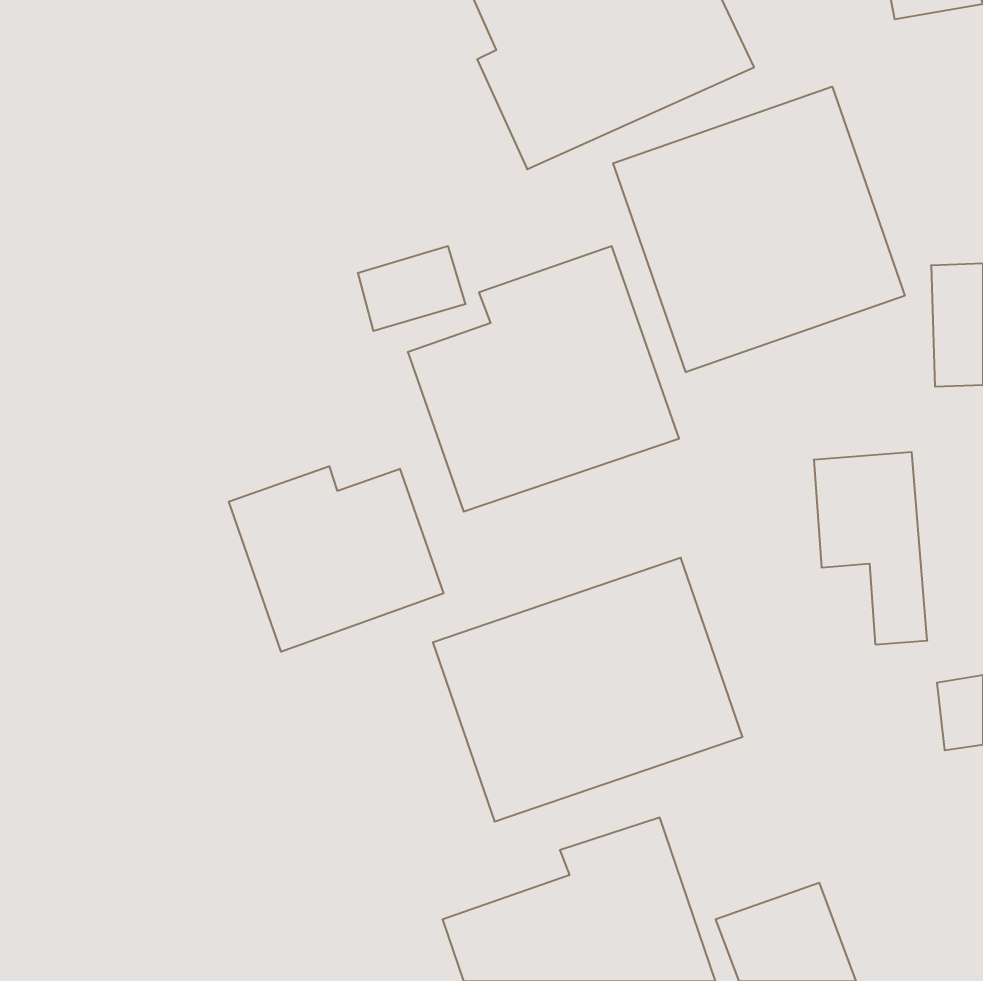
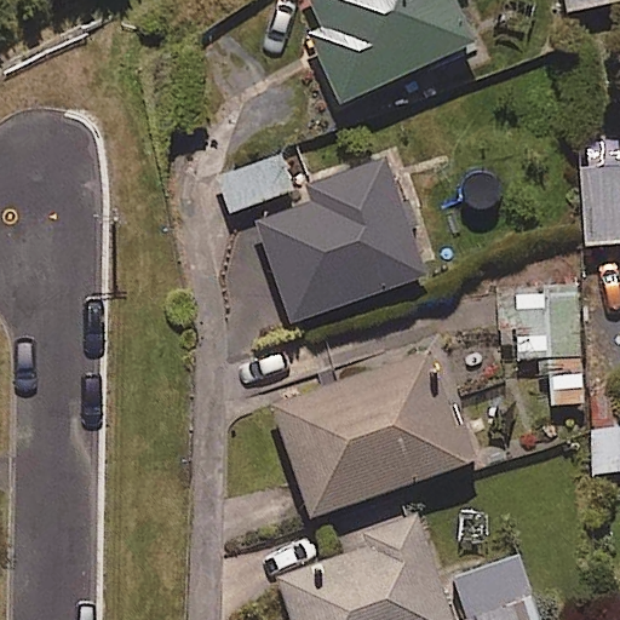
building: [613,87,905,372] -> none
building: [229,466,444,652] -> none

